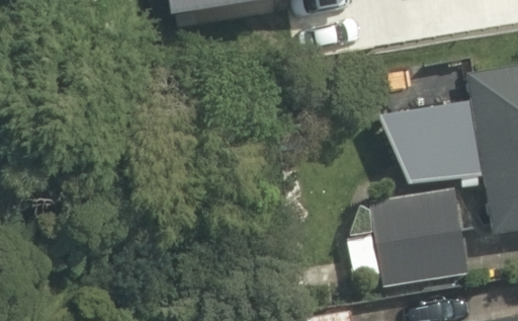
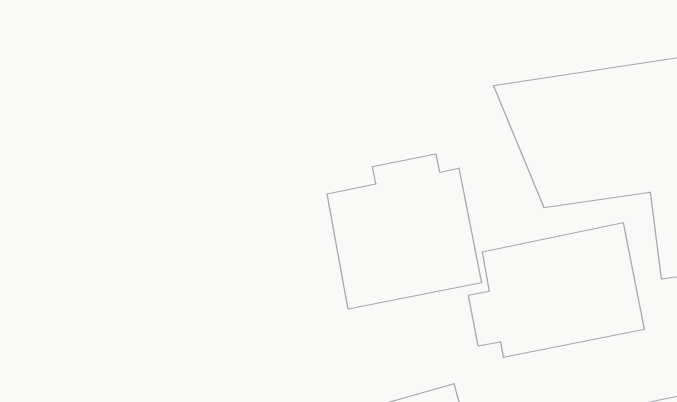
building: none -> [327,154,482,309]

